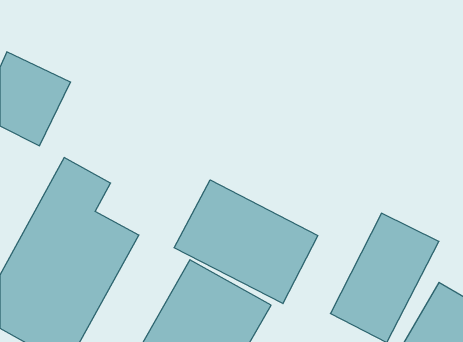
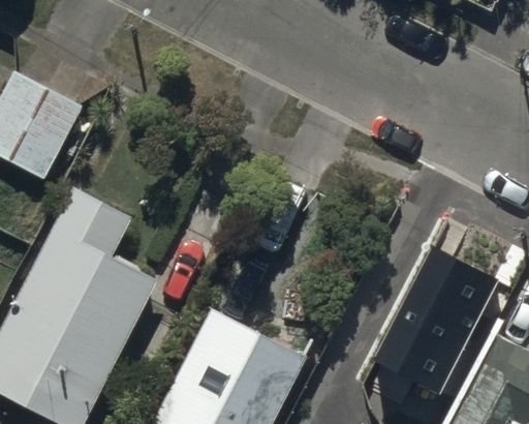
building: [174,180,318,304] -> none

